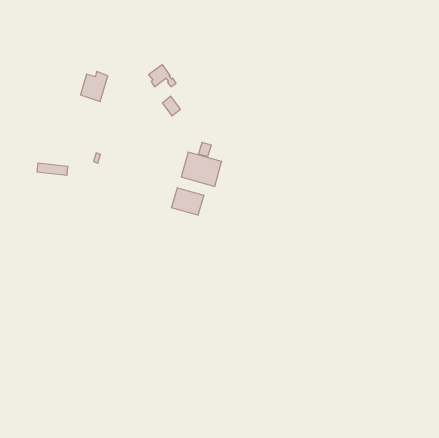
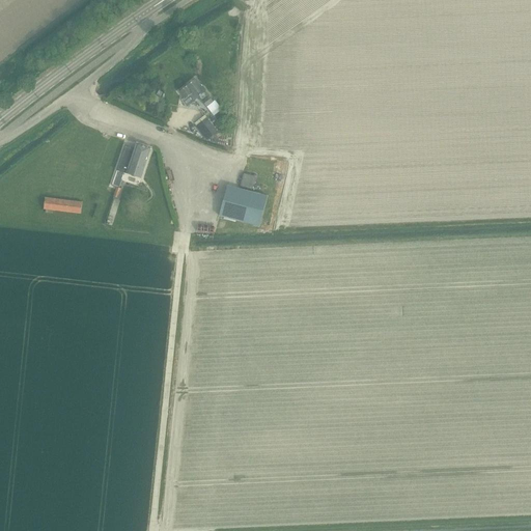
building: [80,72,108,102] -> [117,141,150,177]
building: [172,188,204,215] -> none

